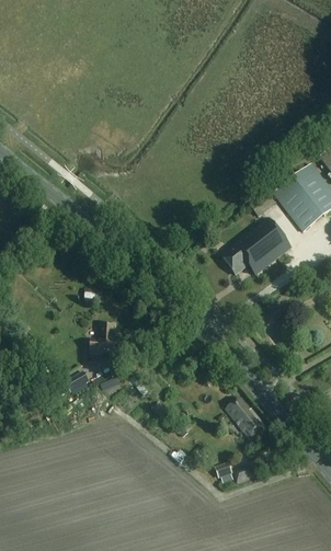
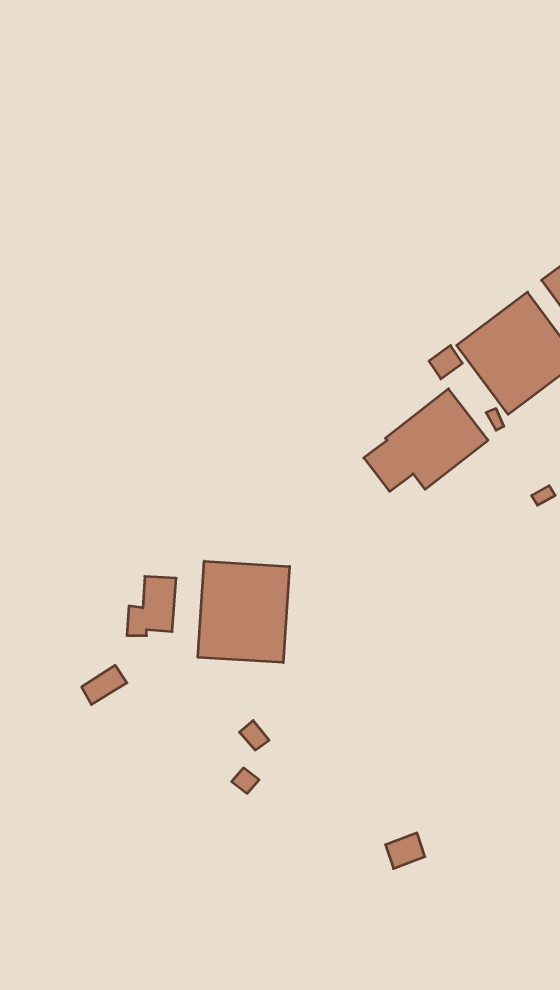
building: none -> [198,561,290,663]
building: [225,397,270,441] -> none

